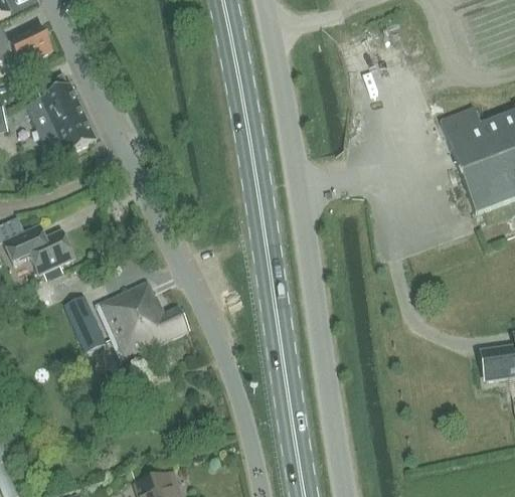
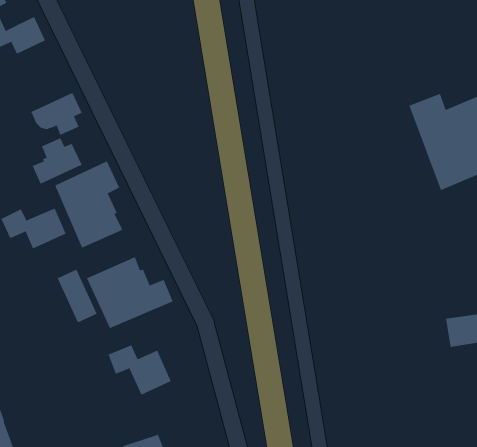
building: [27,76,81,127] -> [32,138,83,185]
building: none -> [55,161,123,248]
building: none -> [108,344,172,395]

